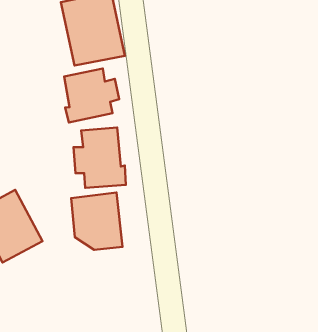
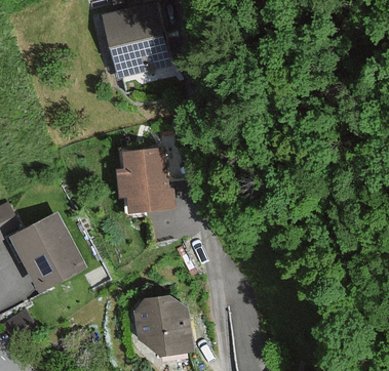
building: [64,69,119,122] -> none
building: [71,192,122,250] -> [137,295,191,356]

